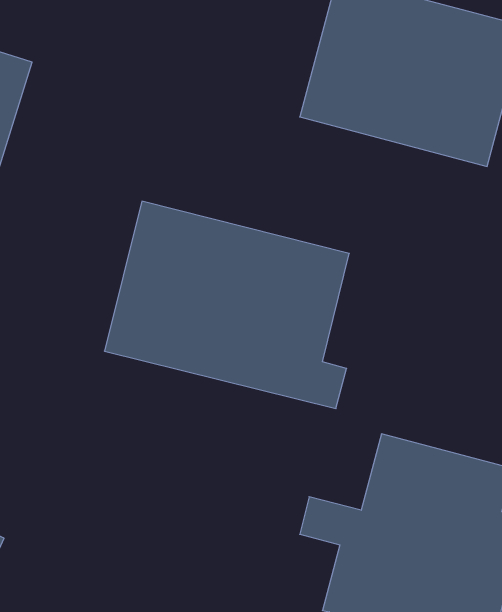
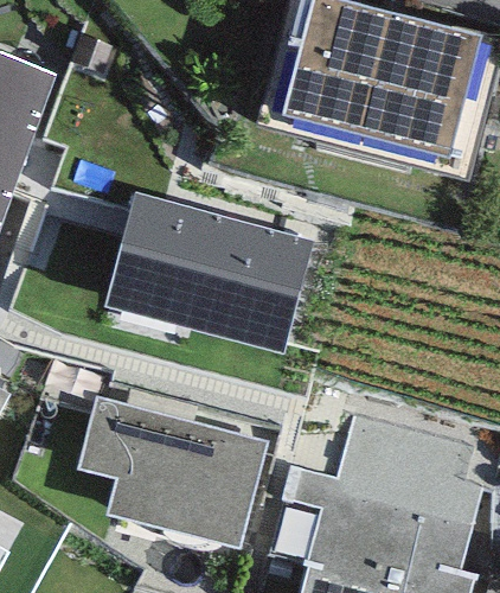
building: none -> [78,391,268,548]

